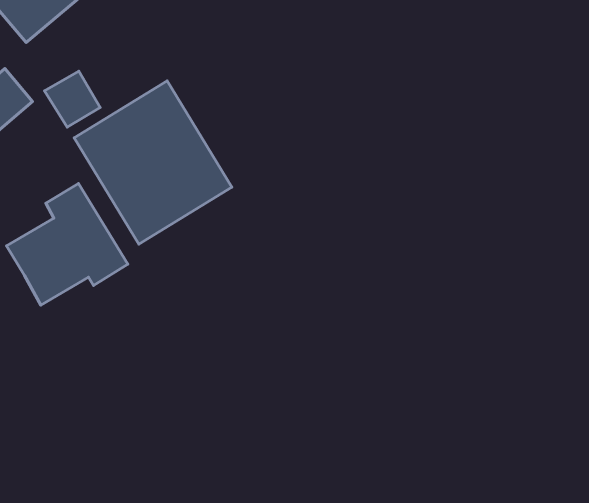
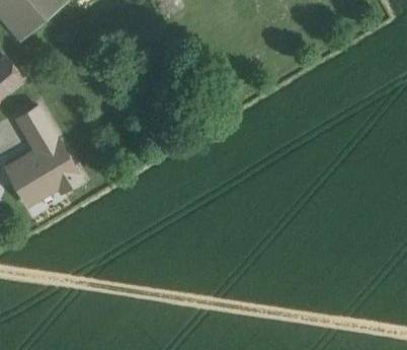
building: [44,71,100,127] -> [17,106,52,140]
building: [74,81,232,244] -> none

